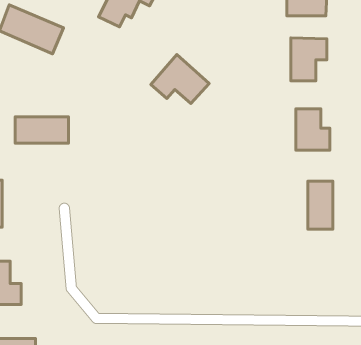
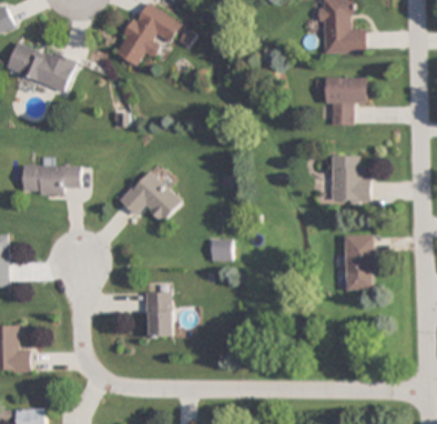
building: [151,54,209,103] -> [119,168,183,222]
building: none -> [210,239,231,260]
building: none -> [145,291,172,336]

